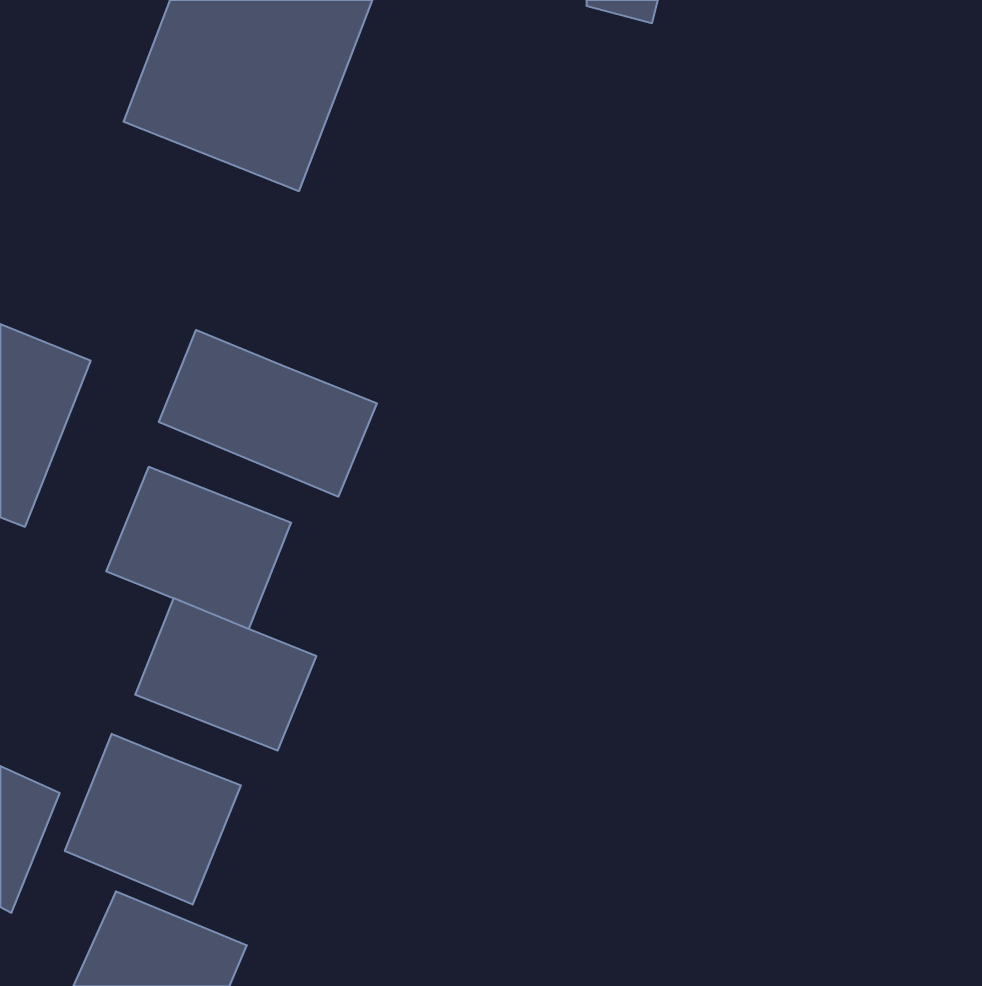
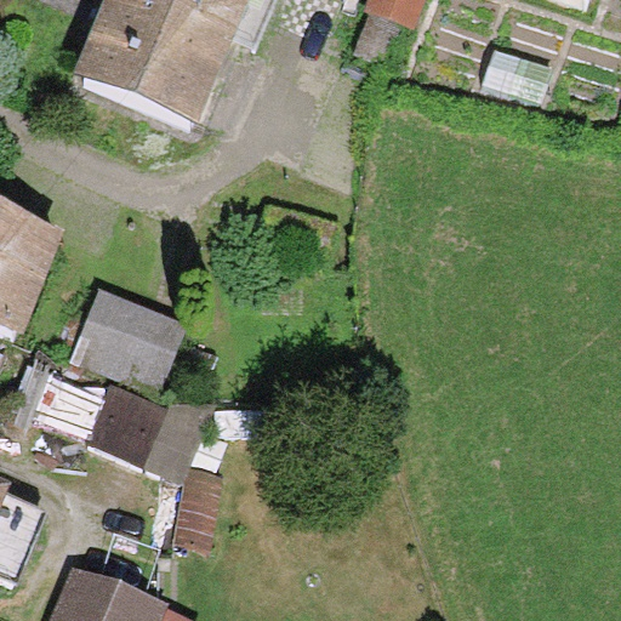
building: [159,330,377,497] -> none
building: [65,734,241,905] -> none

